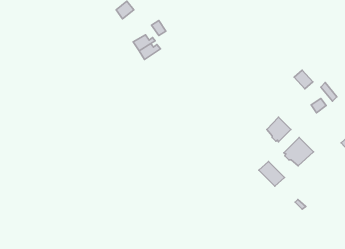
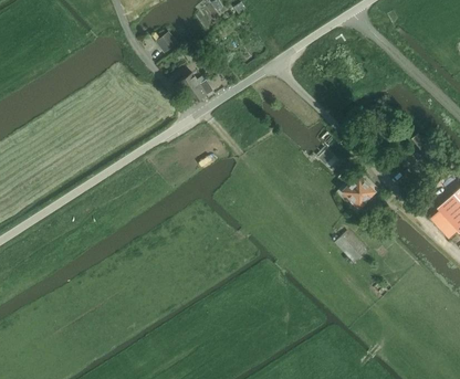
building: [284,137,313,166] -> none

